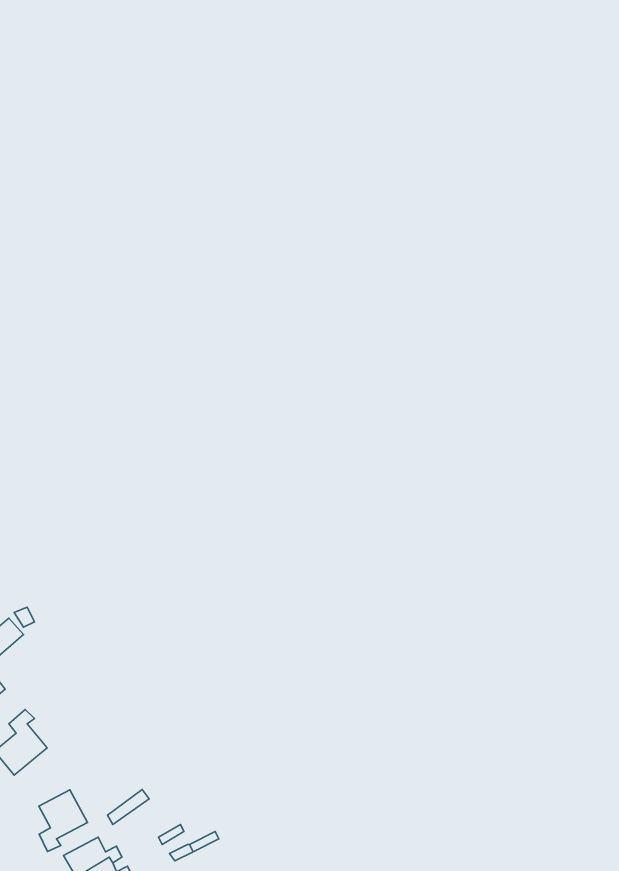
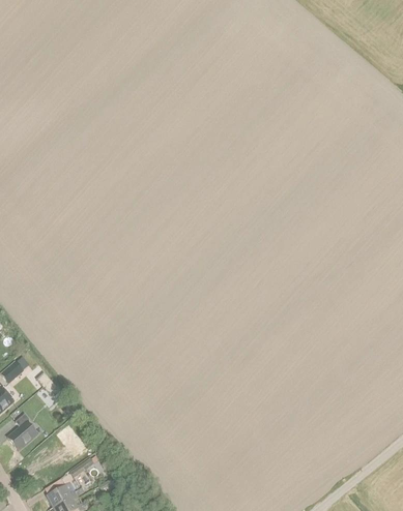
building: [39,790,88,851] -> none

